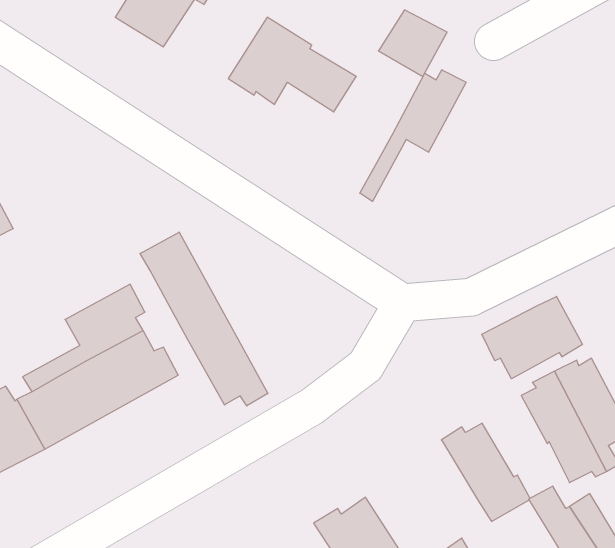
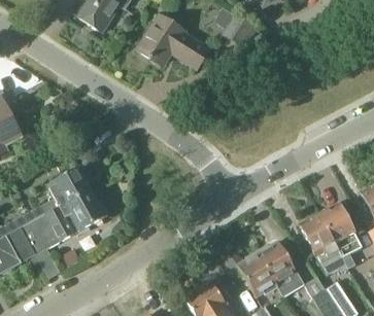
building: [360,70,466,201] -> none
building: [140,232,268,406] -> none
building: [482,296,582,379] -> none
building: none -> [238,250,277,296]

